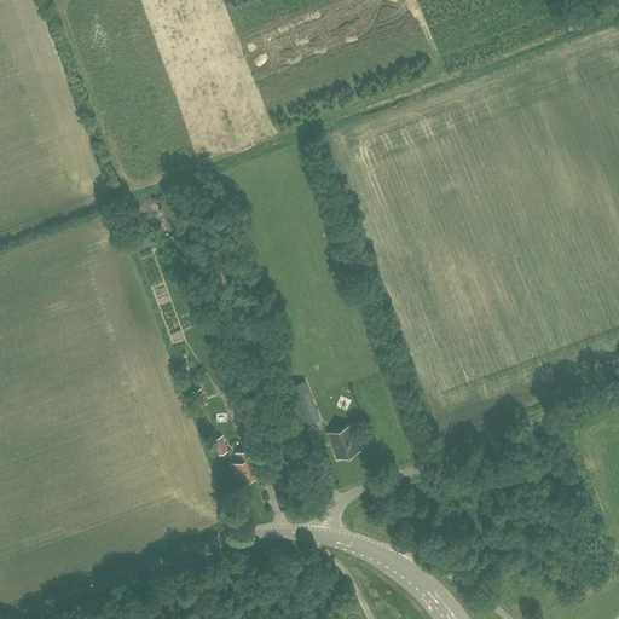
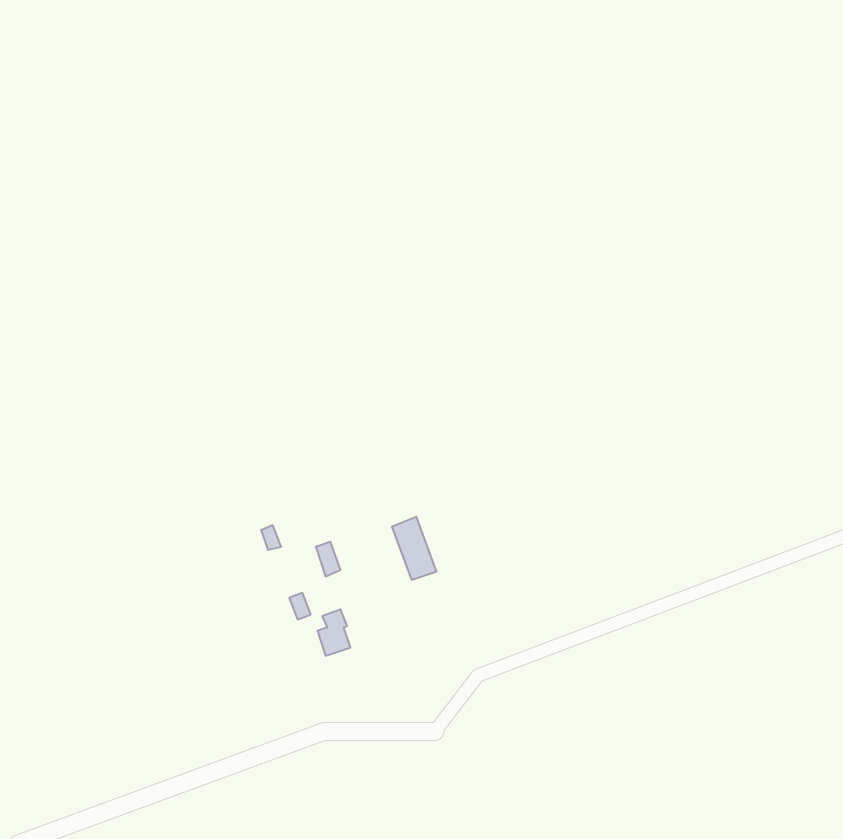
building: [329,427,359,459] -> none

